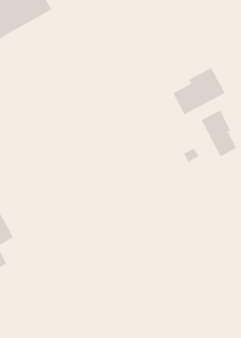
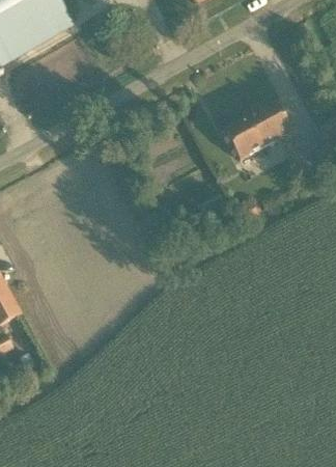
building: [201,109,237,157] -> none

